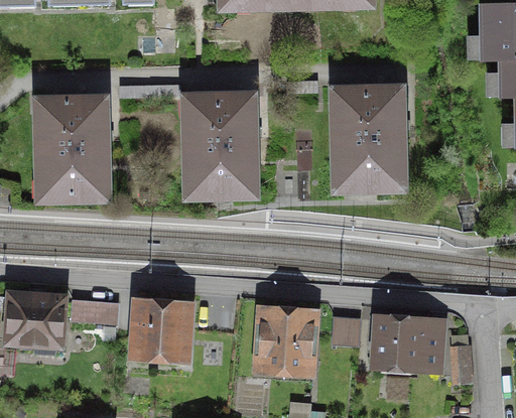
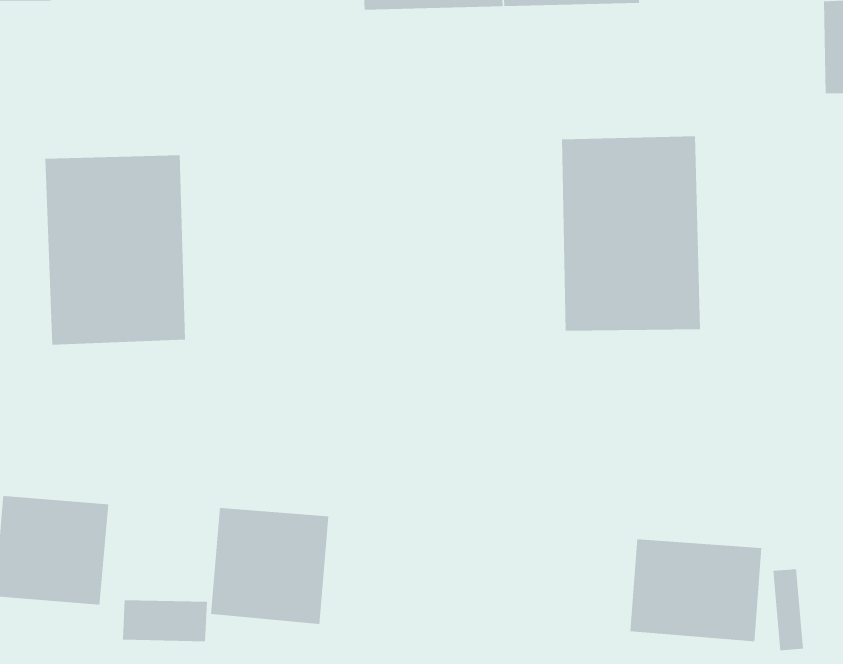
building: [179,92,259,201] -> none
building: [70,295,119,319] -> [122,600,208,642]
building: [252,306,319,379] -> none
building: [333,312,362,340] -> none

